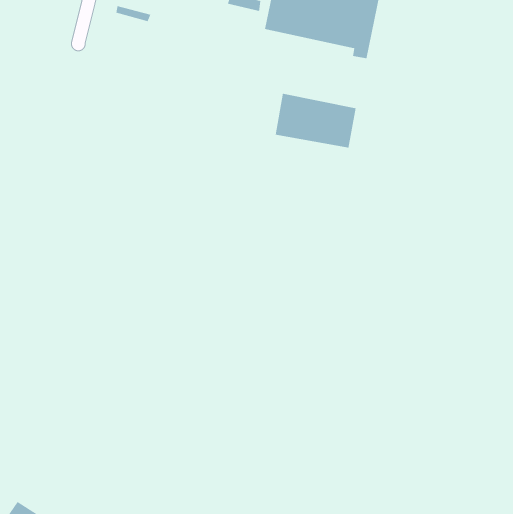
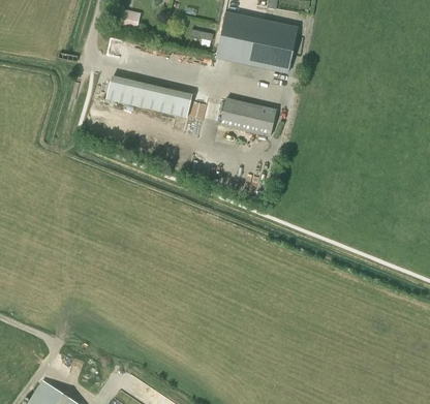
building: none -> [109,76,207,121]

